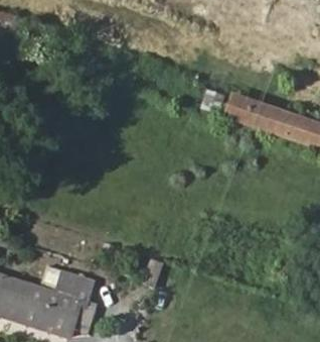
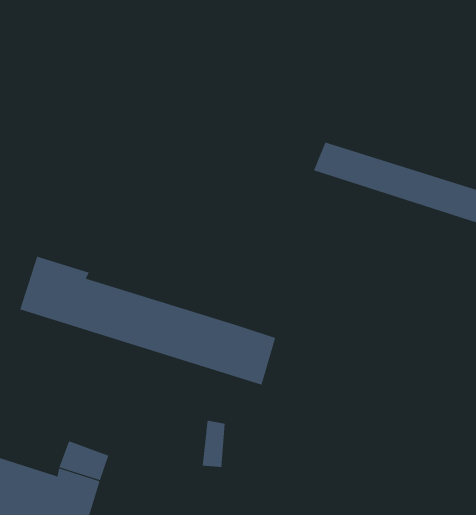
building: none -> [20,256,276,386]

